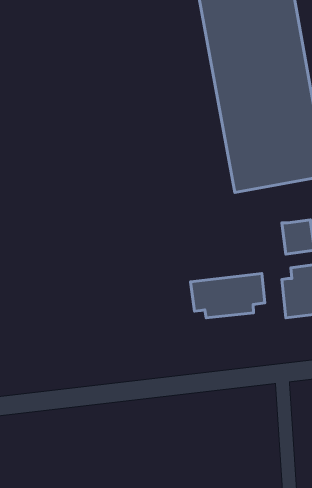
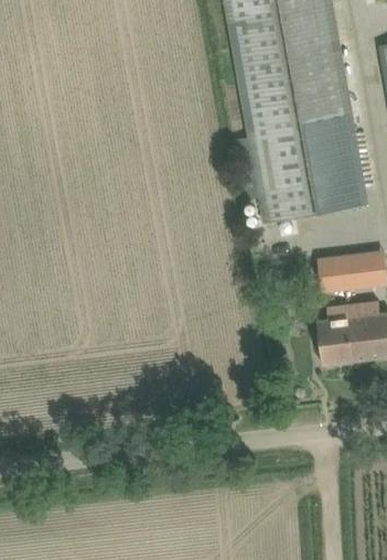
building: [190,274,265,318] -> none

